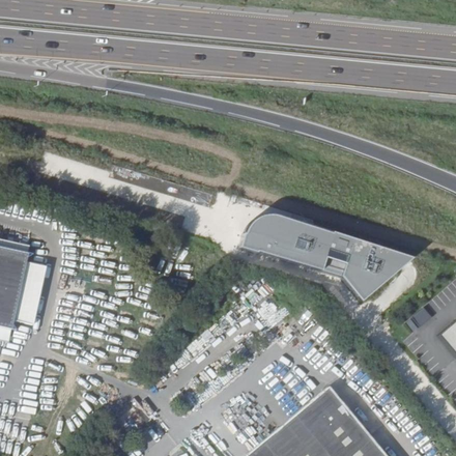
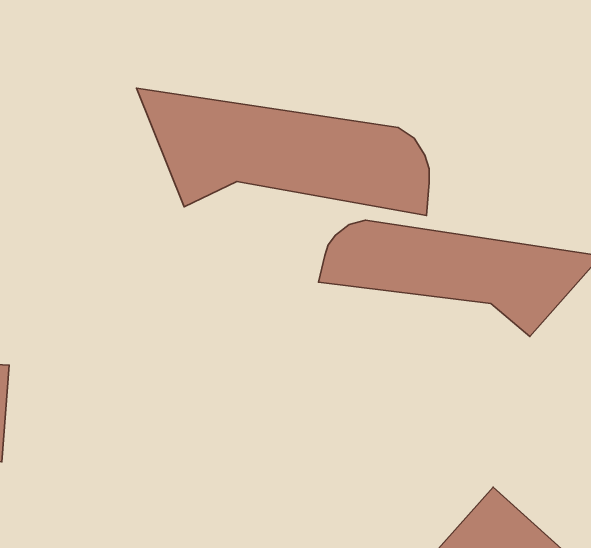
building: none -> [136,88,429,216]

